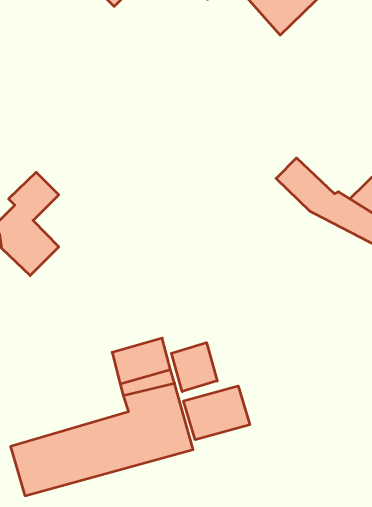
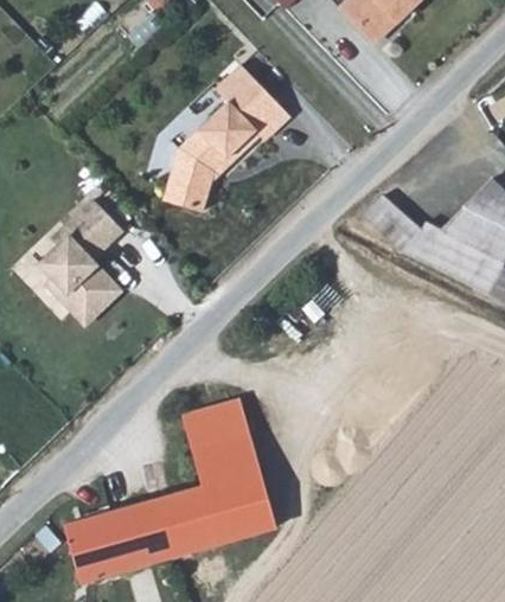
building: none -> [167,68,287,217]
building: [171,343,217,392] -> none
building: [184,386,250,440] -> none

